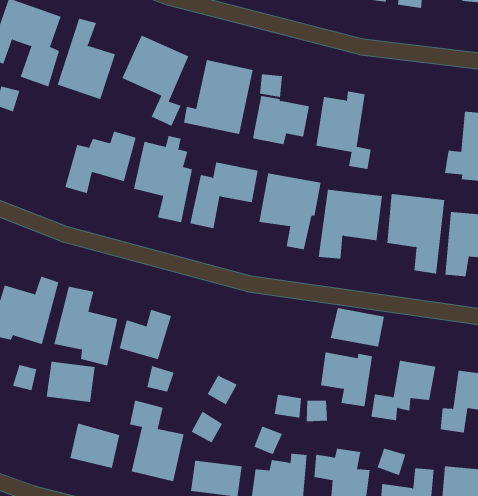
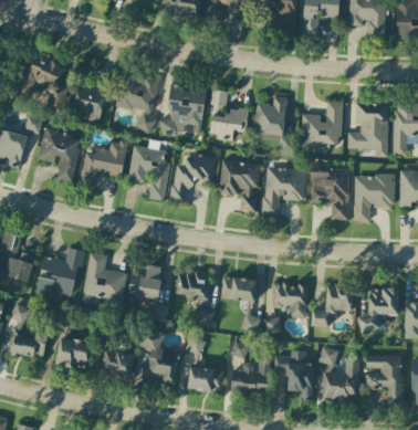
building: none -> [302,101,342,147]
building: none -> [38,127,82,181]
building: [330,307,385,347] -> [220,275,258,301]
building: none -> [175,269,211,301]
building: [46,361,96,402] -> [56,339,90,366]

